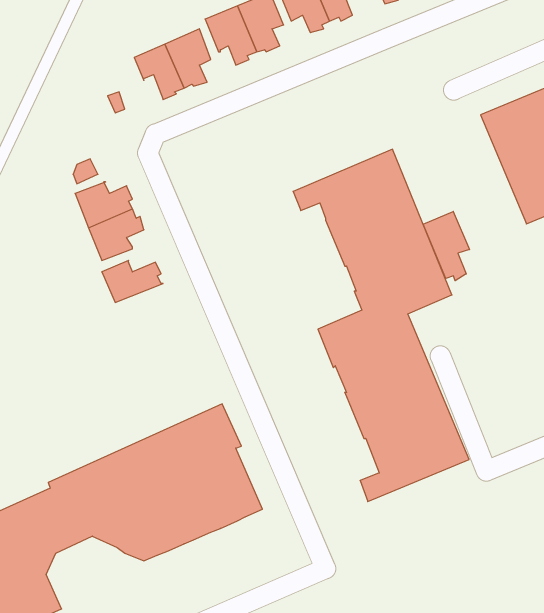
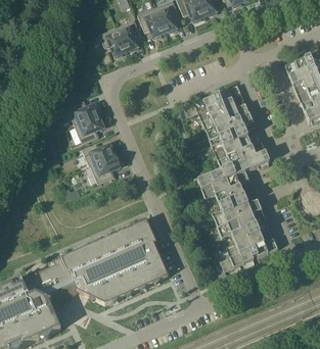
building: [423,211,469,281] -> none
building: none -> [89,154,120,183]

